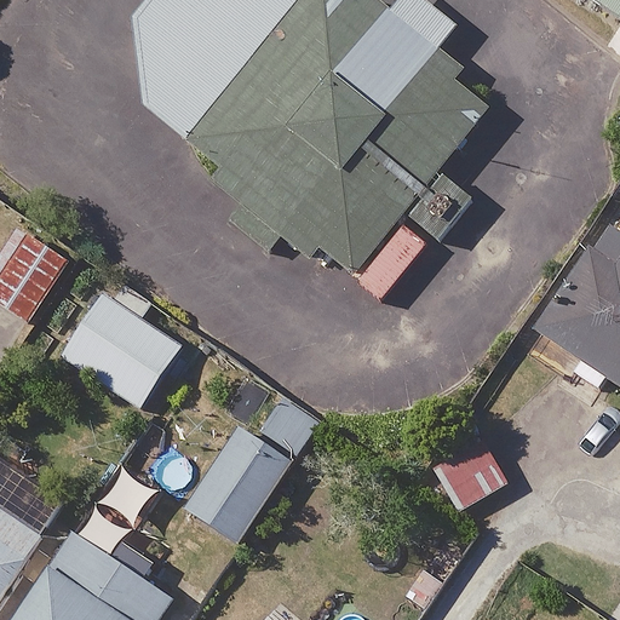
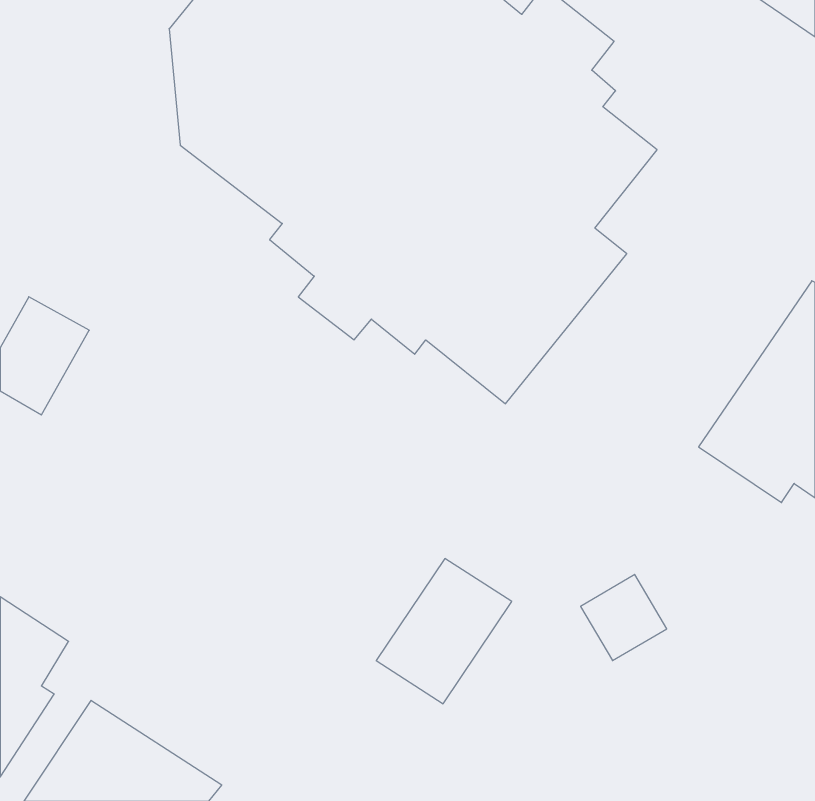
building: [62,285,183,403] -> none
building: [186,426,289,536] -> [376,559,512,704]

